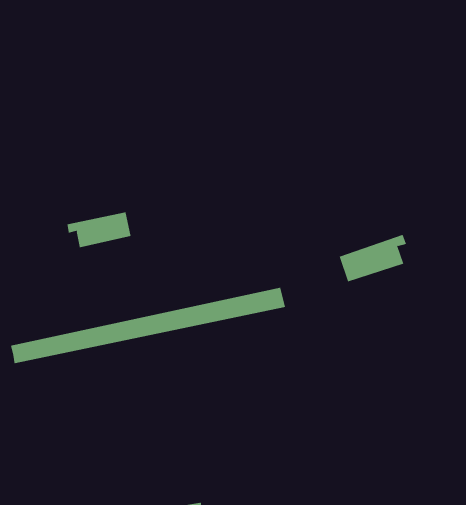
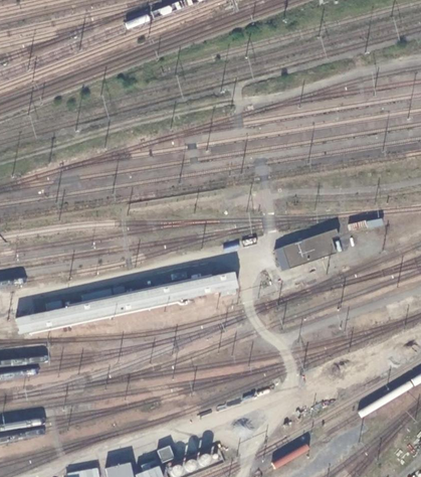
building: [67,211,131,248] -> none

